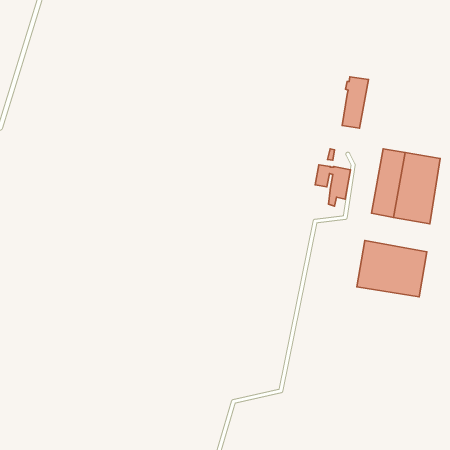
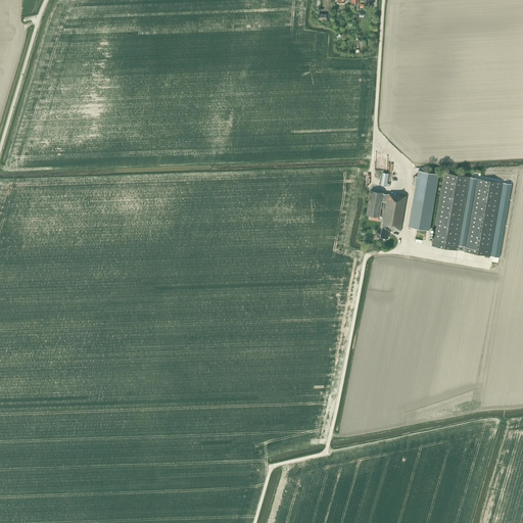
building: [342,77,368,128] -> [409,171,439,230]
building: [357,240,427,297] -> none

